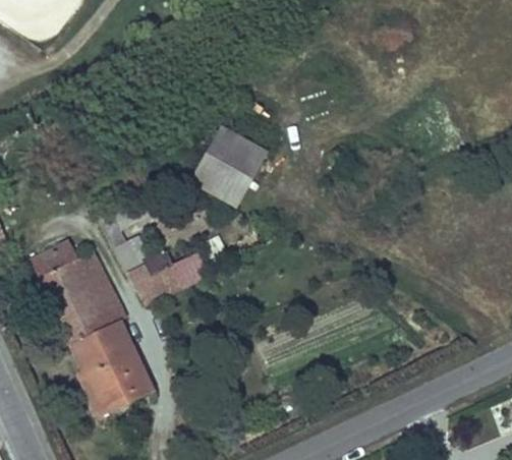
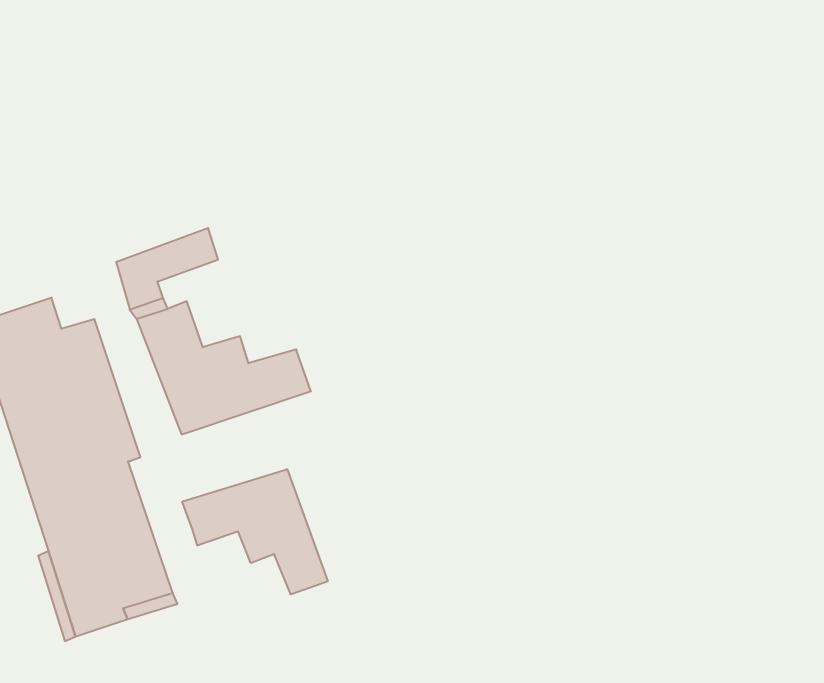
building: [192,127,267,205] -> none
building: none -> [182,469,328,594]

